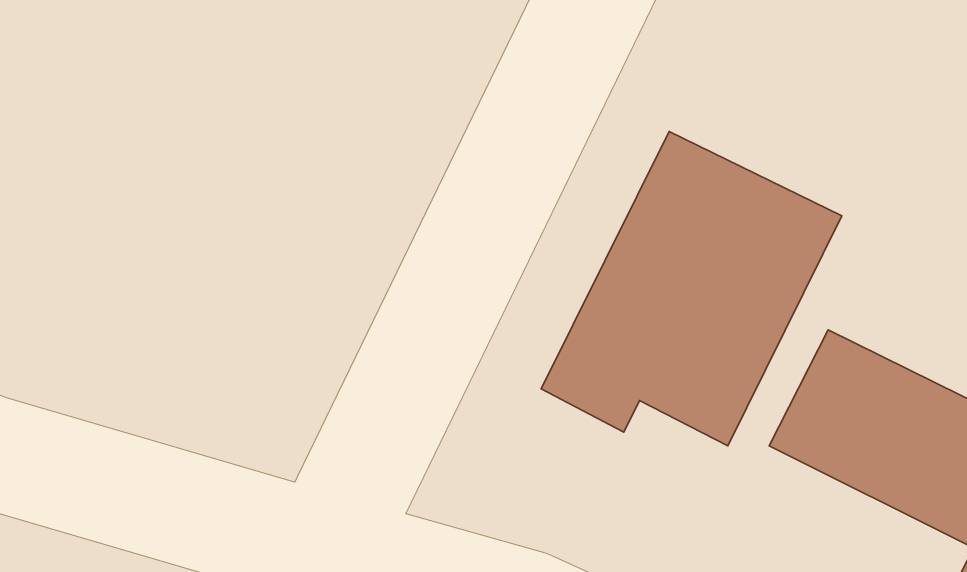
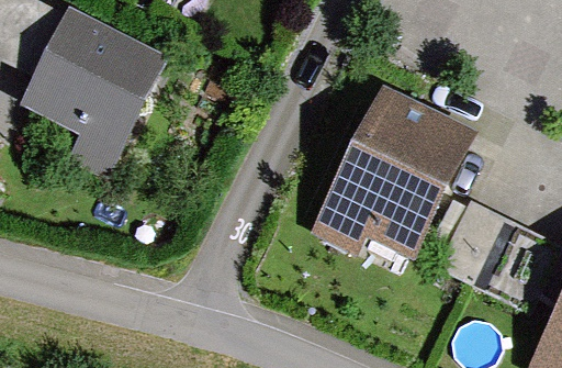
building: none -> [31,20,160,171]

